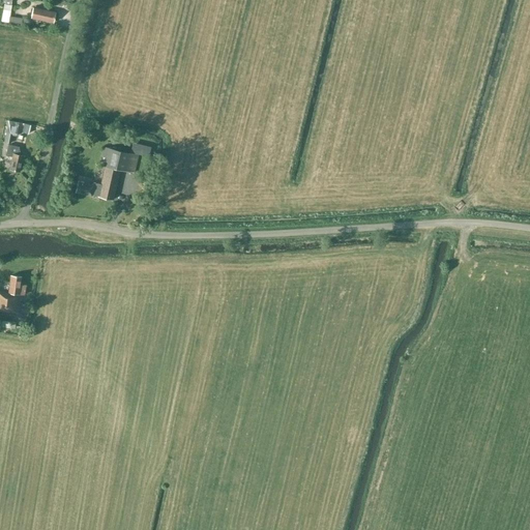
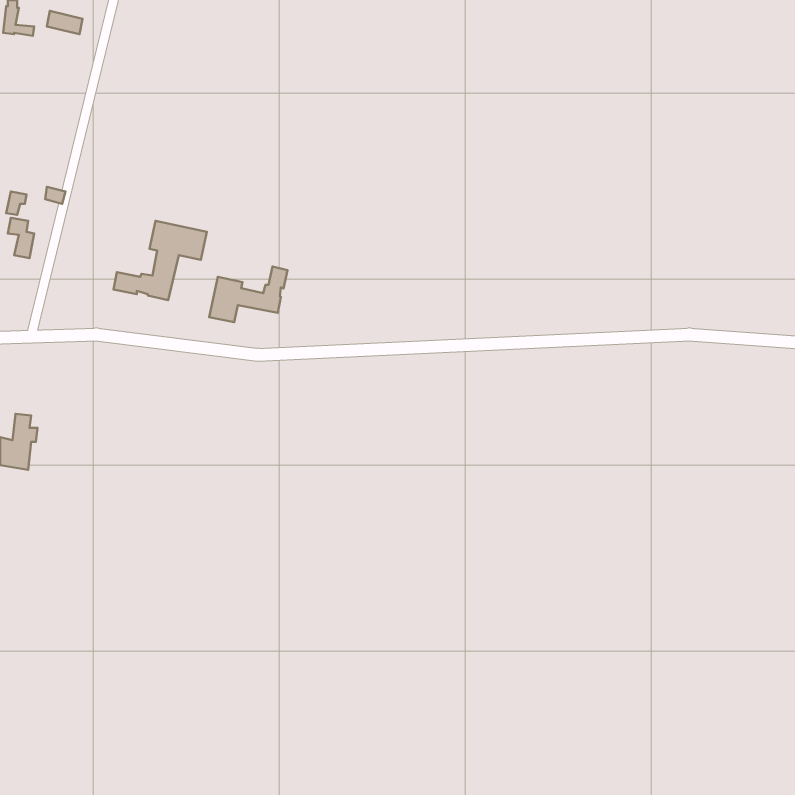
building: none -> [209,267,288,322]

